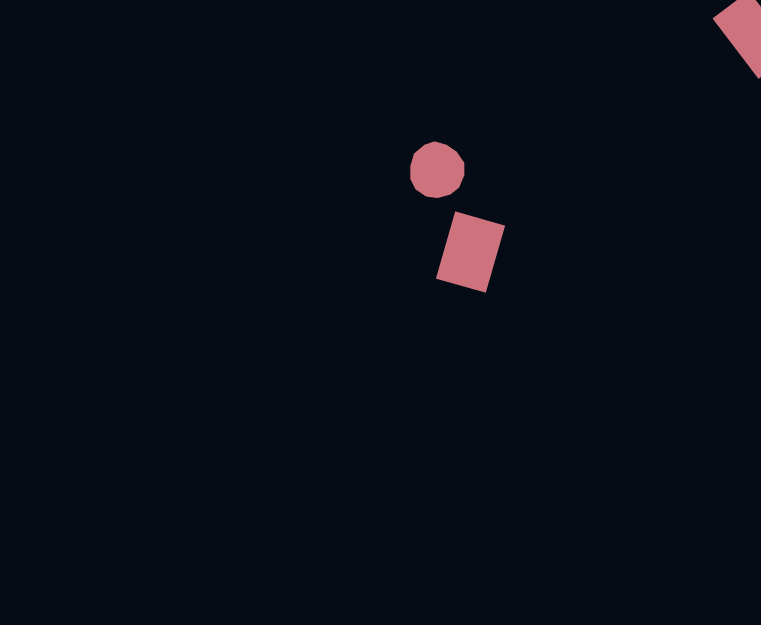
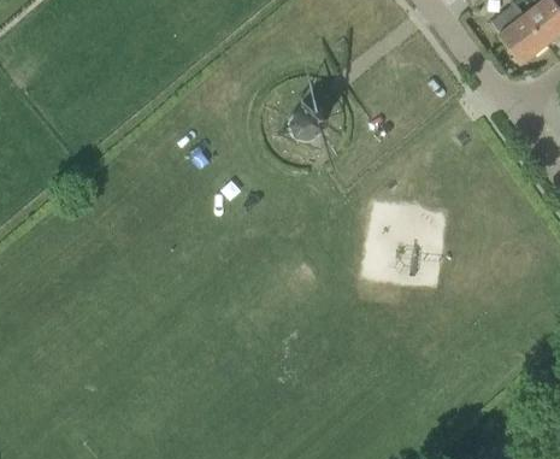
building: [435,211,506,294] -> none

